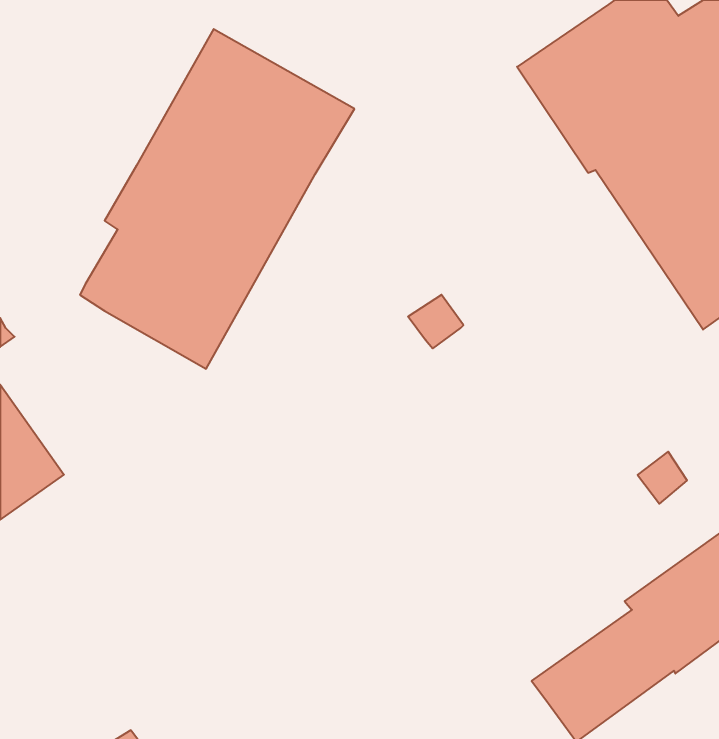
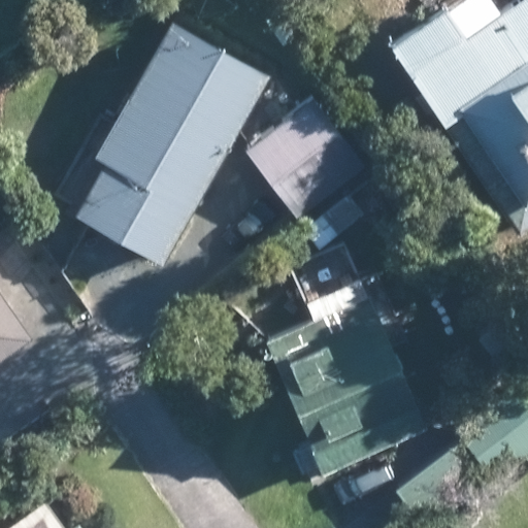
building: none -> [249,97,371,221]
building: none -> [266,295,425,474]

